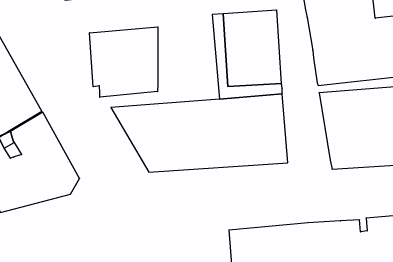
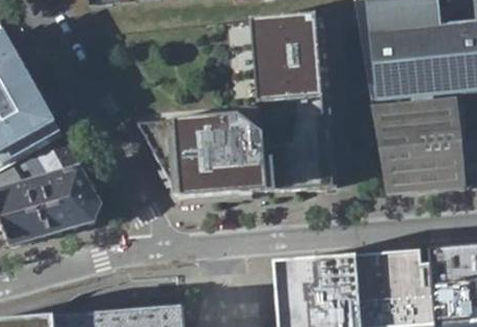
building: [90,27,158,97] -> none

